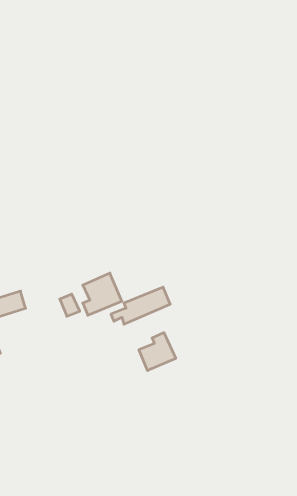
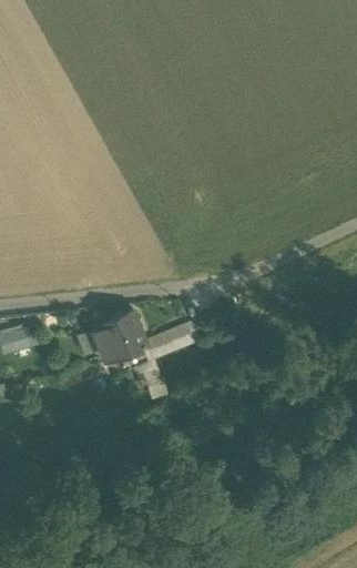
building: [139,333,176,371] -> none

